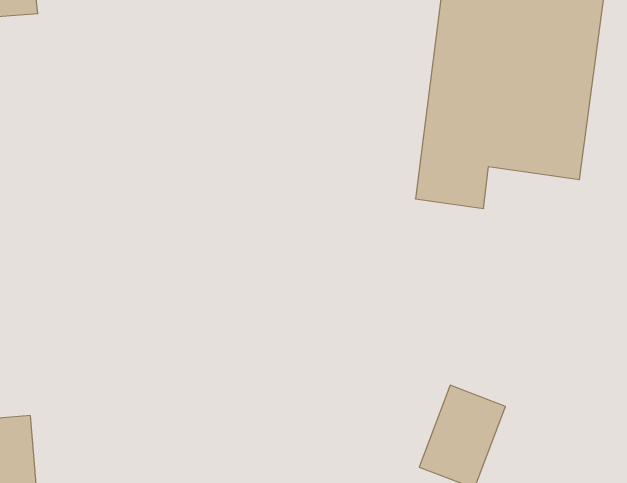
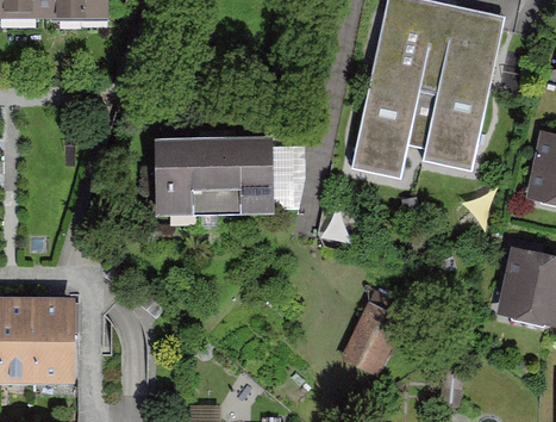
building: none -> [158,135,279,216]

